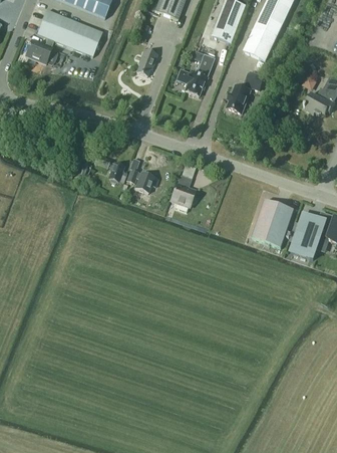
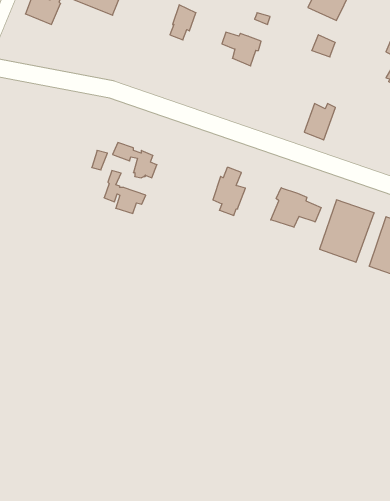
building: [227,84,251,112] -> [304,104,335,140]
building: [126,159,158,192] -> [104,171,146,213]
building: none -> [271,188,321,227]

